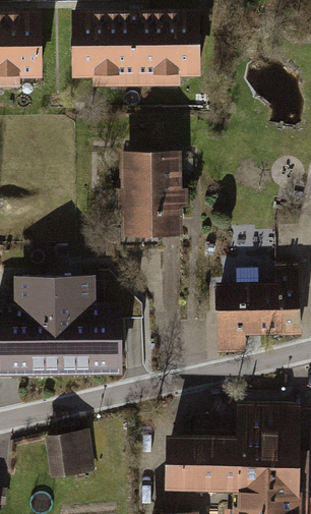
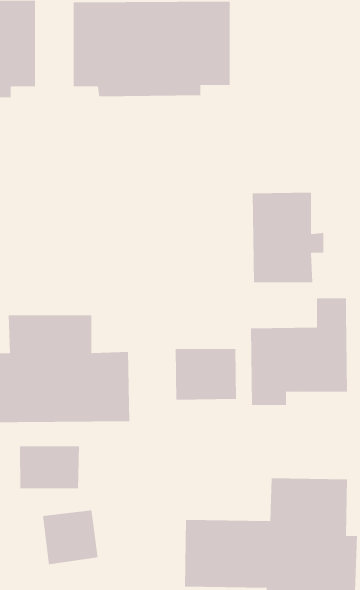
building: [123,153,183,228] -> [252,192,324,283]
building: none -> [175,348,236,401]
building: none -> [19,445,79,489]

